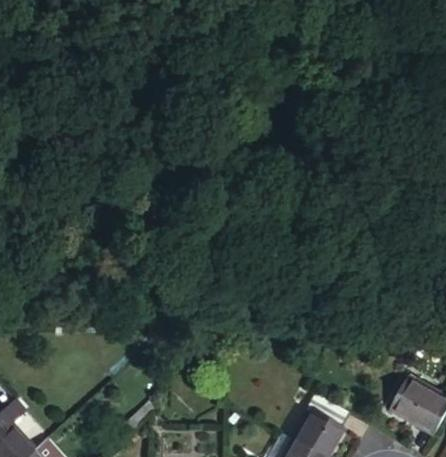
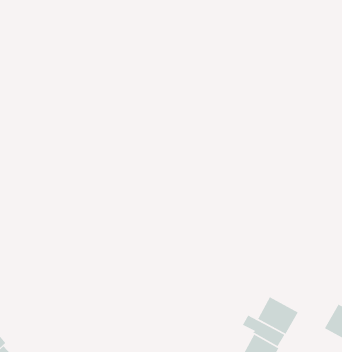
building: none -> [257,296,299,335]

